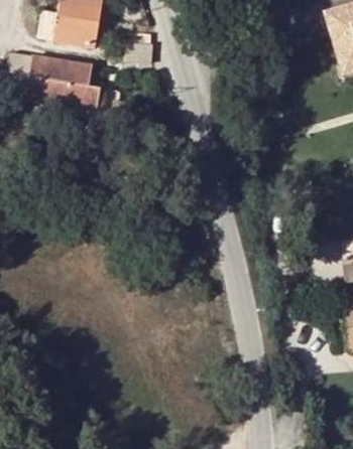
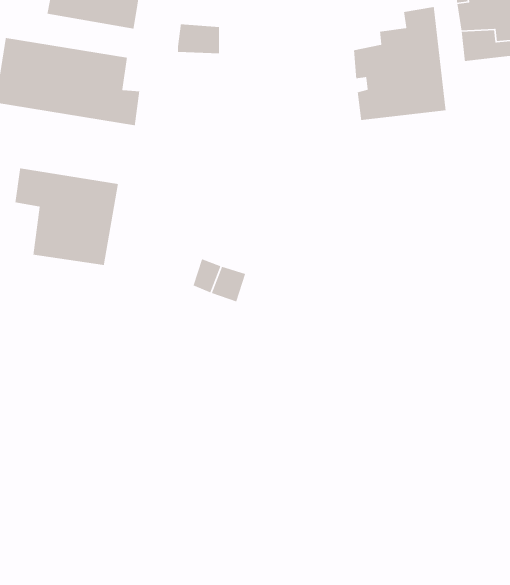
building: none -> [353,6,446,121]
building: none -> [15,167,119,266]

